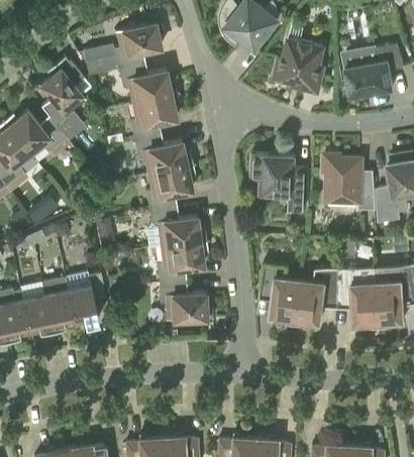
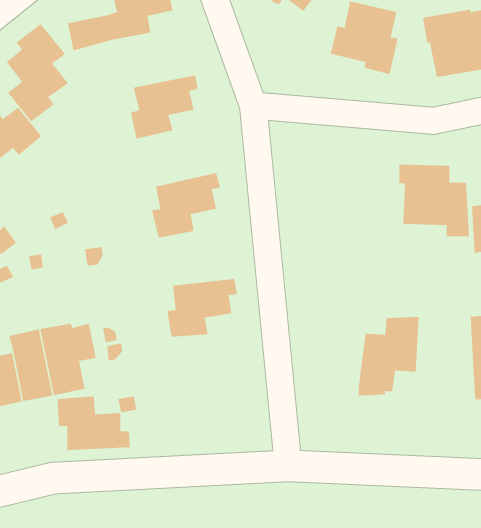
building: [89,64,178,103] -> none
building: [134,134,193,175] -> none
building: [251,154,308,208] -> none
building: [146,207,206,248] -> none
building: [260,263,300,326] -> none
building: [337,268,380,329] -> none
building: [160,281,213,321] -> [57,396,131,450]

